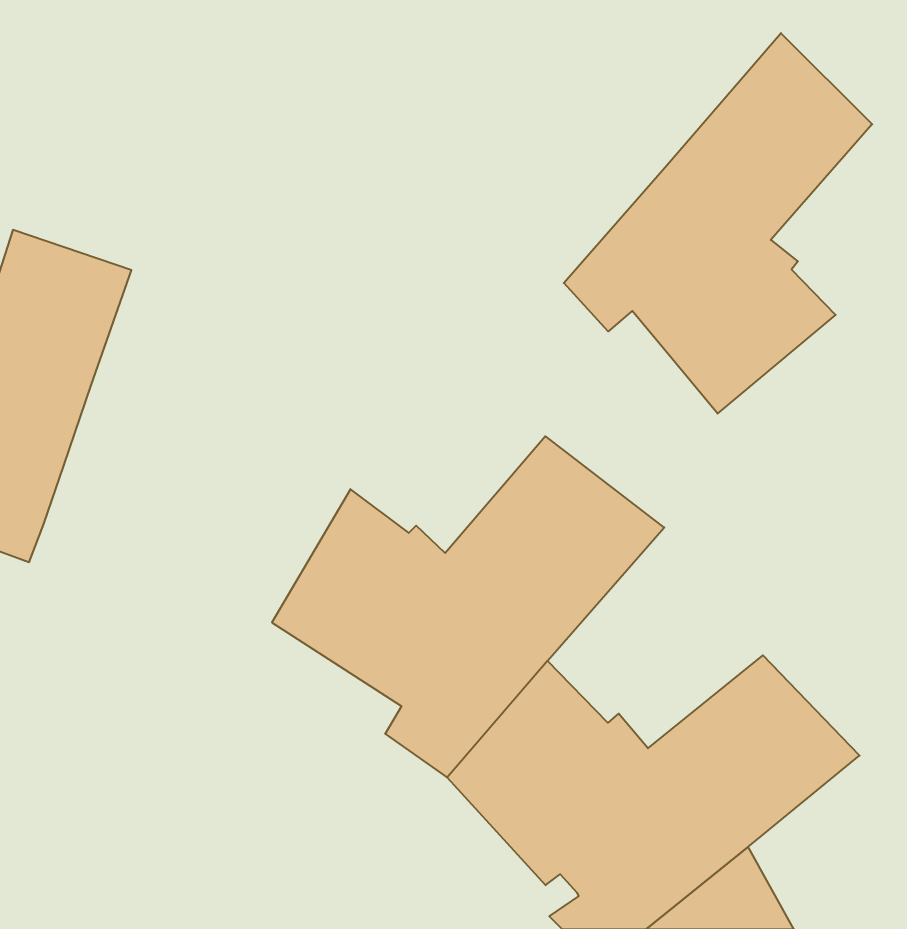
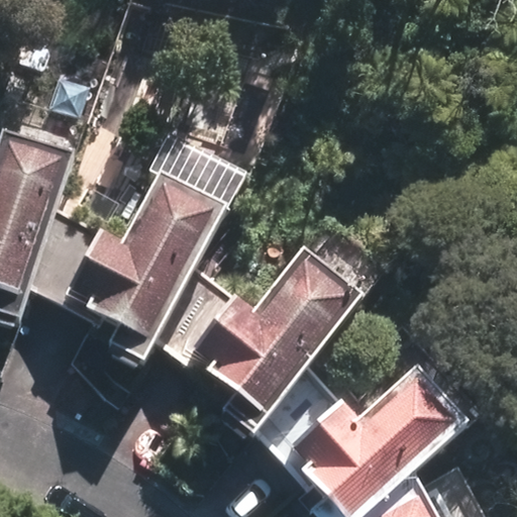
building: [564,33,872,414] -> none
building: none -> [24,172,232,363]

